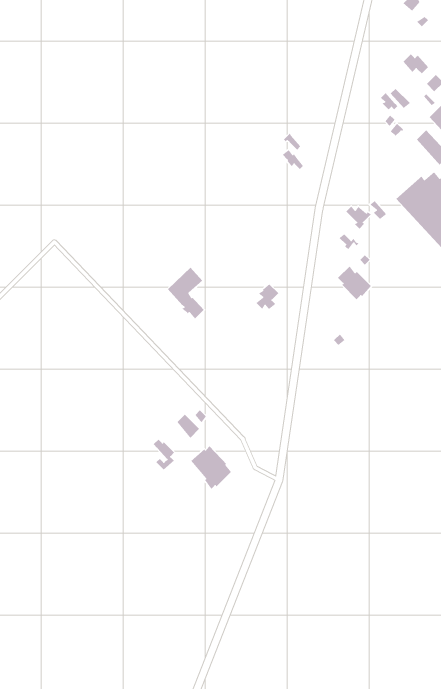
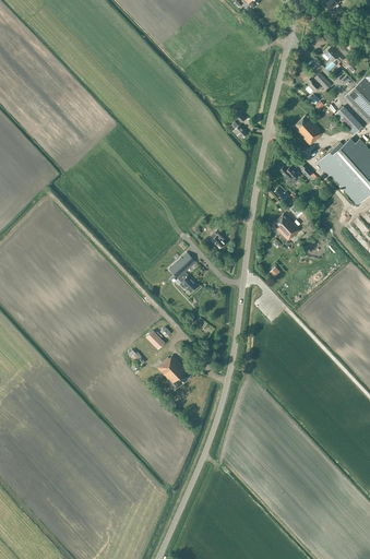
building: none -> [293,115,322,145]
building: [167,267,204,320] -> [168,251,198,293]

